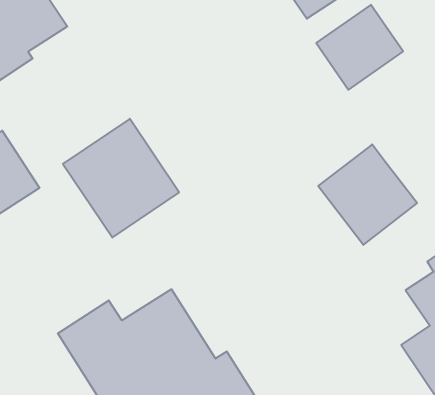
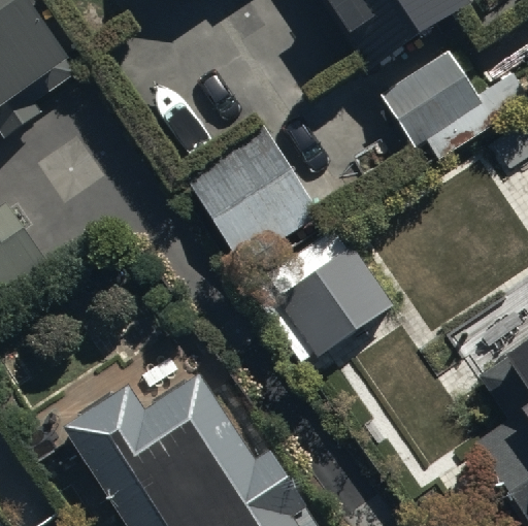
building: [63,119,179,238] -> [184,128,322,269]
building: [318,144,417,245] -> [277,237,395,357]

